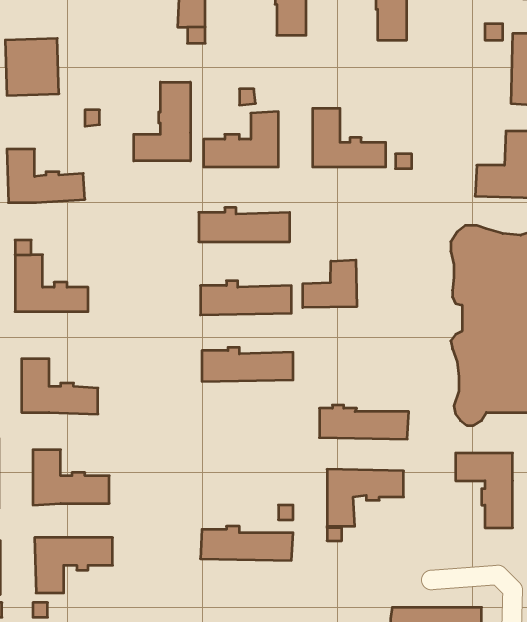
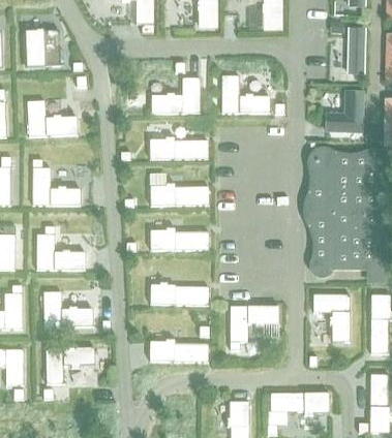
building: [134,82,190,161] -> none
building: [303,260,357,308] -> none
building: [319,405,409,439] -> [152,282,209,304]

